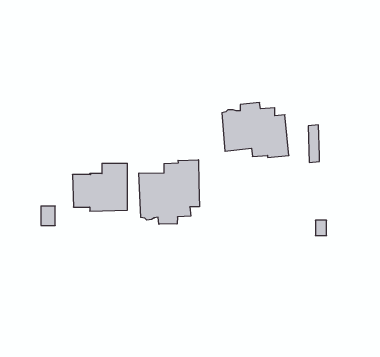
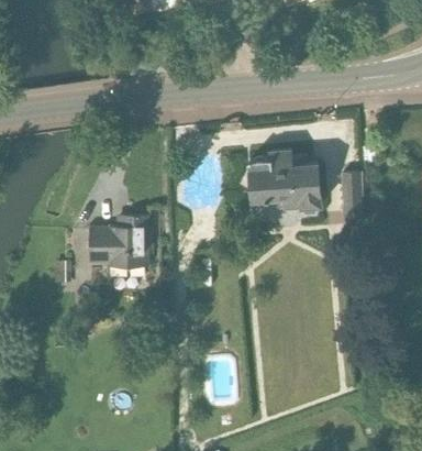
building: [139,160,199,224] -> none

